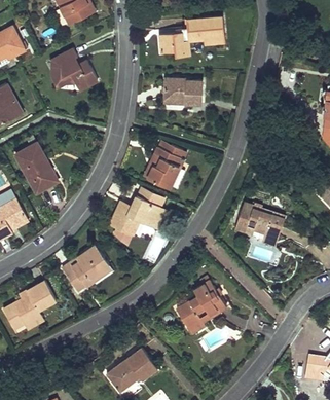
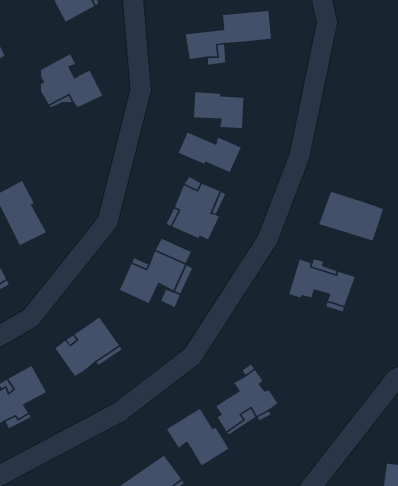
building: none -> [178,131,242,173]
building: none -> [318,191,384,242]
building: none -> [166,408,230,466]

